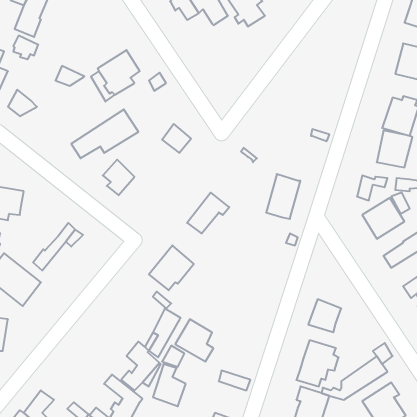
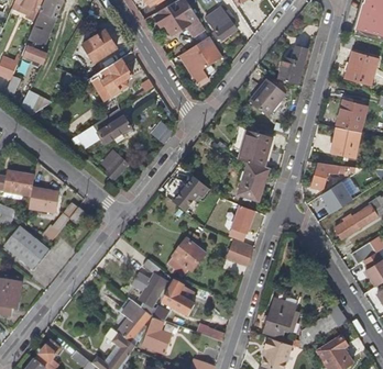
building: none -> [85,30,117,62]
building: none -> [180,35,222,81]
building: none -> [278,45,307,85]
building: none -> [250,79,286,114]
building: none -> [237,131,273,167]
building: none -> [30,188,59,212]
building: none -> [228,203,253,233]
building: [149,245,194,290] -> [167,239,205,277]
building: [308,299,341,332] -> [227,237,254,265]

